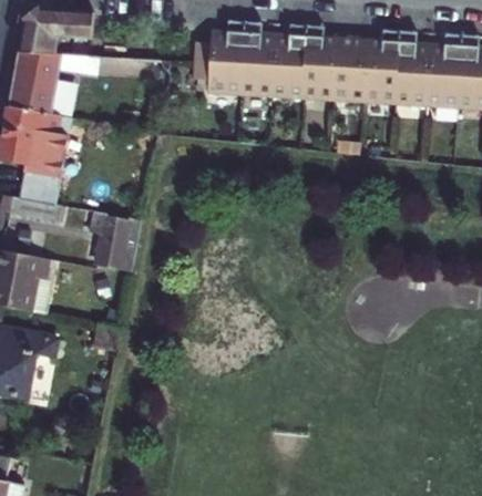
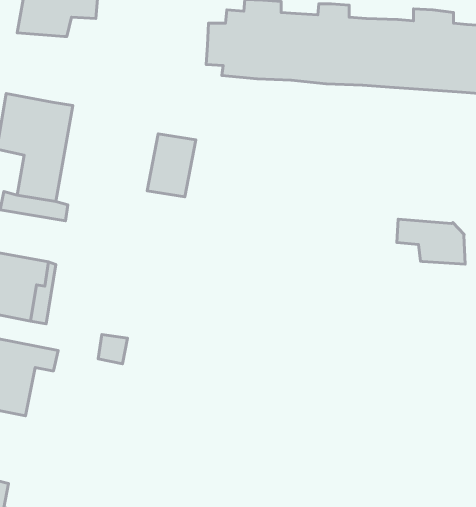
building: [8,51,61,114] -> none
building: [95,215,140,272] -> [147,134,196,197]
building: none -> [397,219,465,264]

